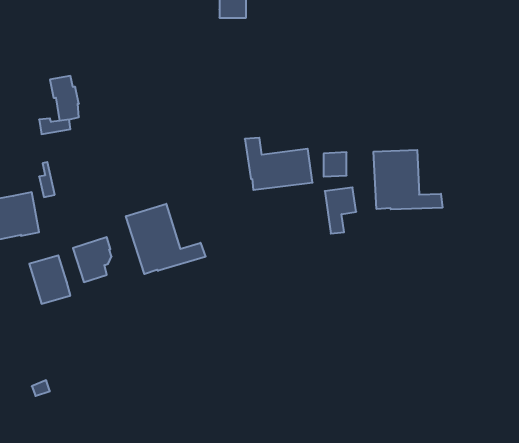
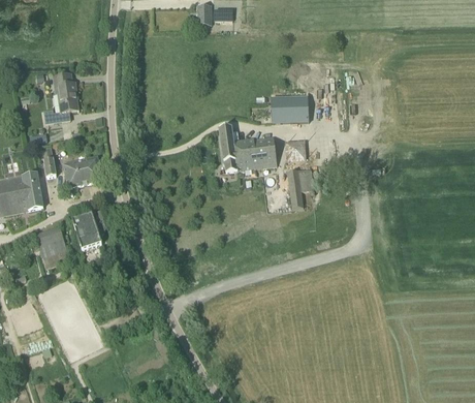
building: none -> [271,95,309,123]
building: [374,150,442,209] -> none
building: none -> [63,155,102,186]
building: [126,204,206,274] -> none

